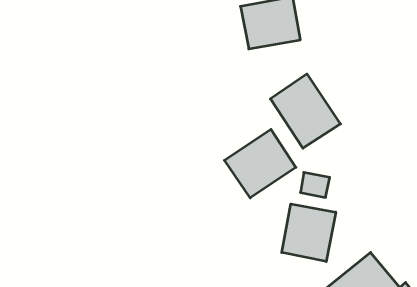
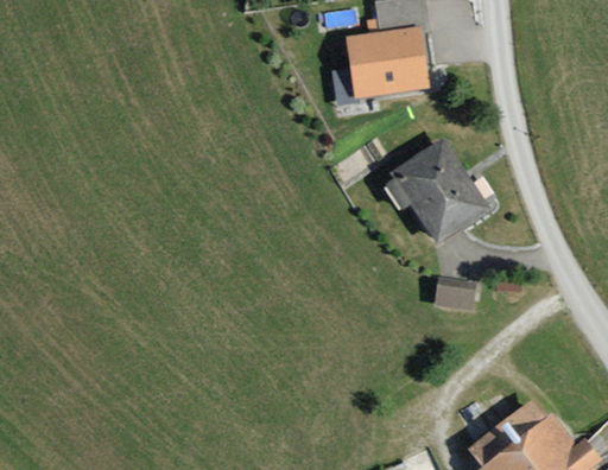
building: [224,129,296,198] -> none
building: [282,204,336,262] -> none

